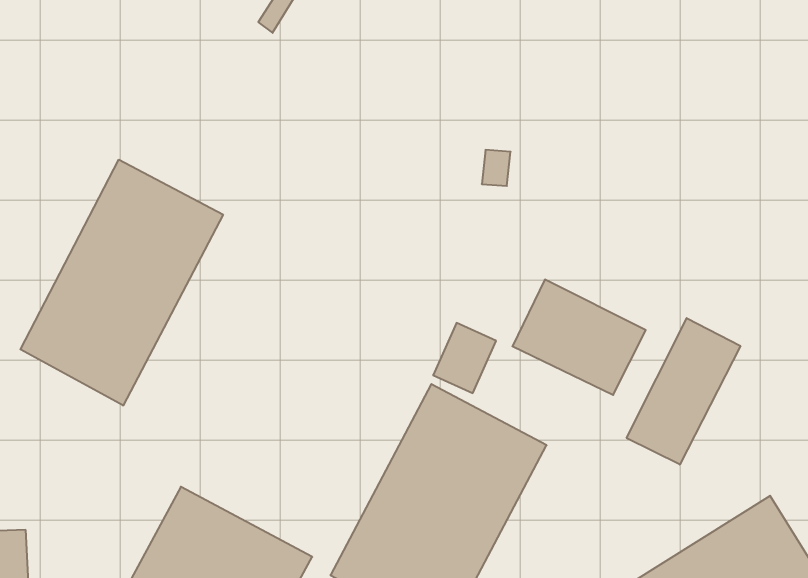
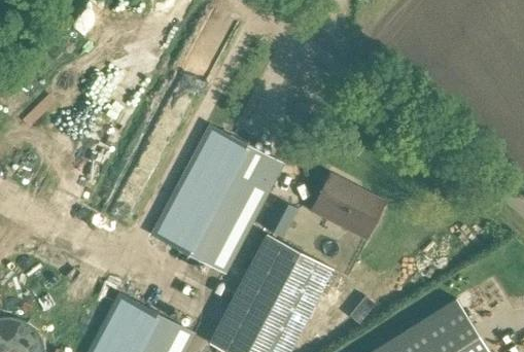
building: [20,160,223,406] -> none
building: none -> [152,126,286,275]
building: [627,318,740,465] -> none

